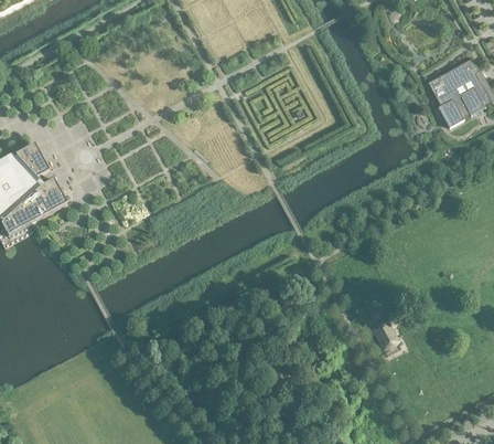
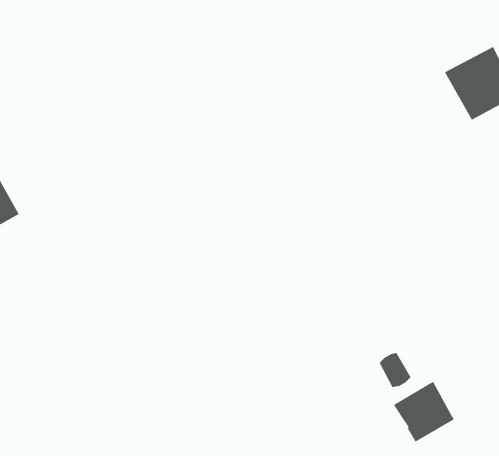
building: none -> [393,381,455,443]

